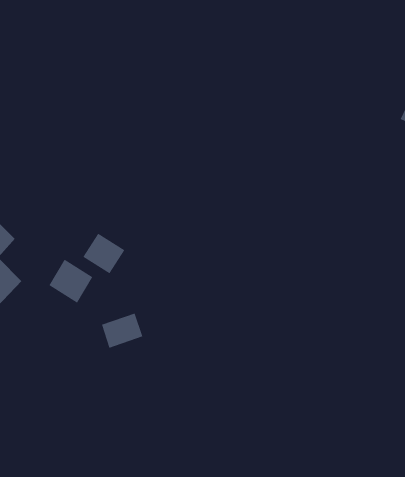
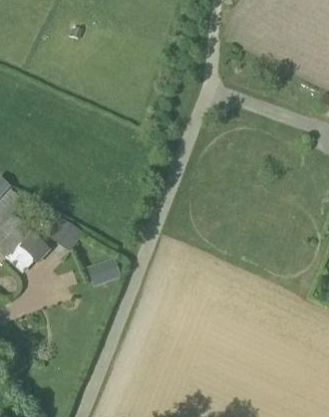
building: [83,233,125,274] -> none
building: none -> [20,229,53,262]

